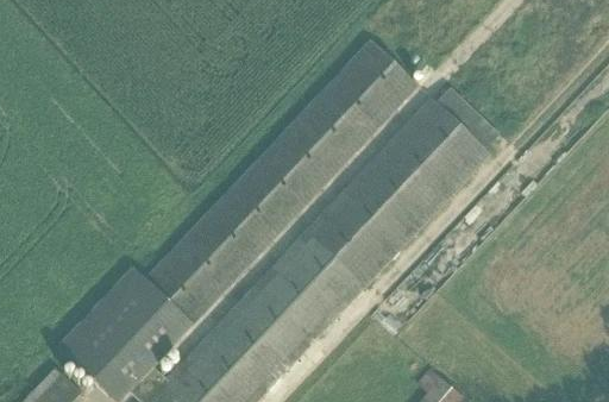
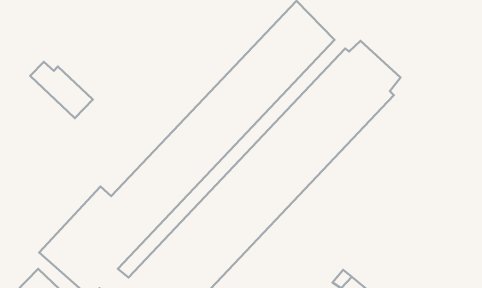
building: none -> [30,62,93,118]

